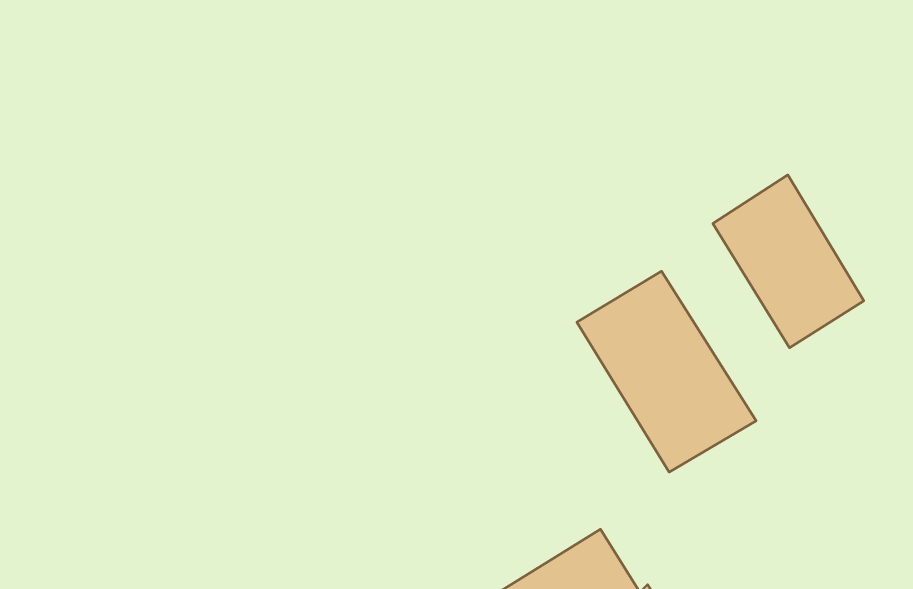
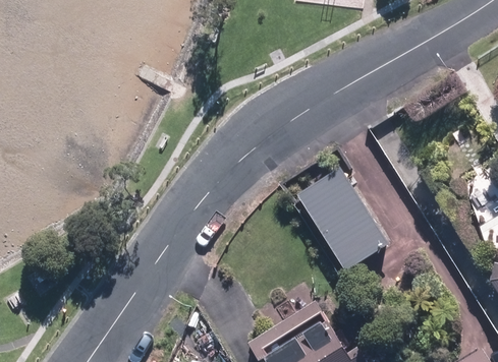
building: [713,175,864,348] -> none

